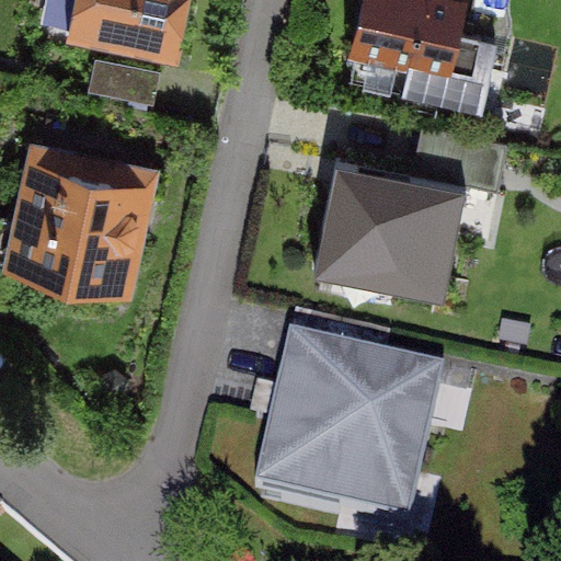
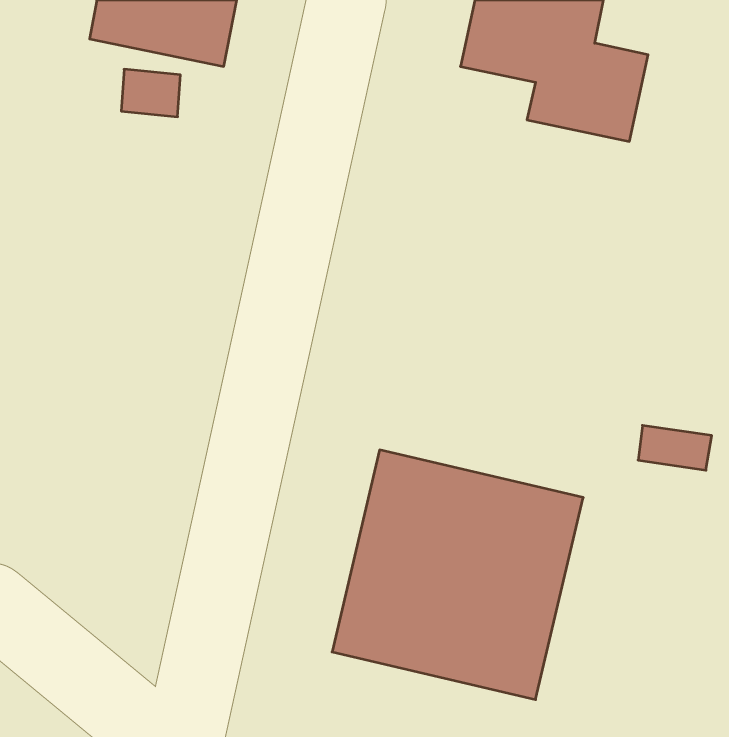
building: [323,165,443,283] -> none
building: [13,169,140,290] -> none

